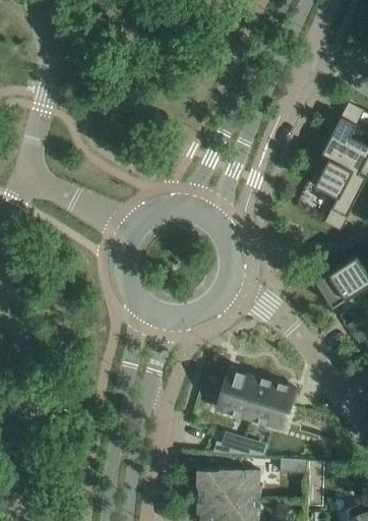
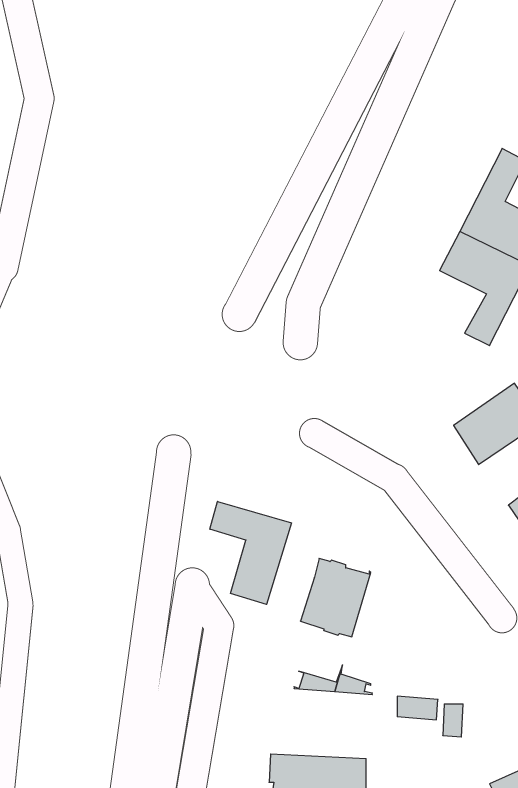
building: none -> [210,501,291,604]
building: [250,378,295,429] -> none
building: [196,468,261,499] -> none

